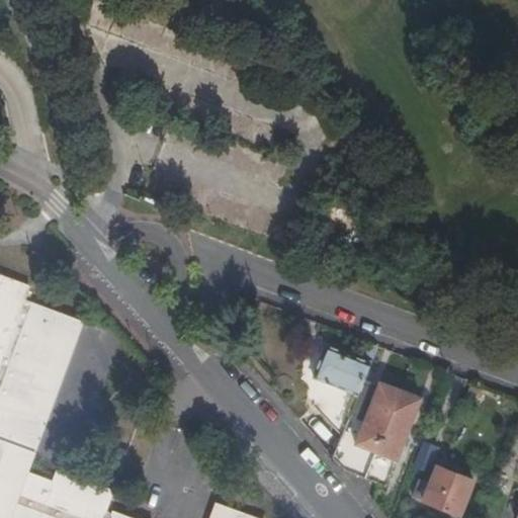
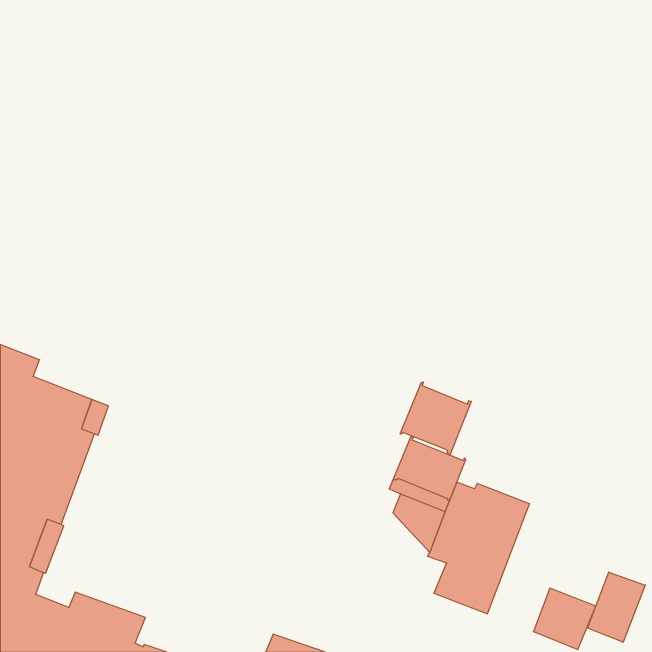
building: none -> [400,382,471,455]
building: none -> [587,572,645,642]

